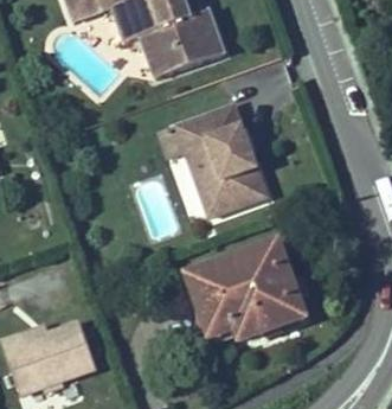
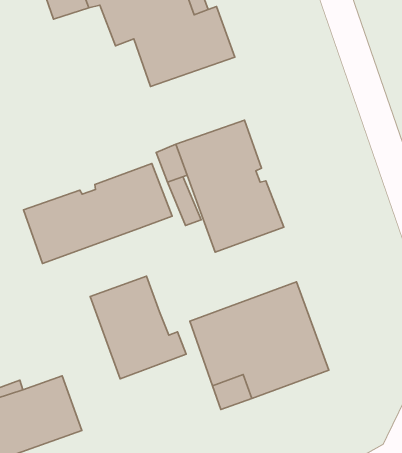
building: none -> [23,163,172,263]
building: none -> [90,276,186,379]

